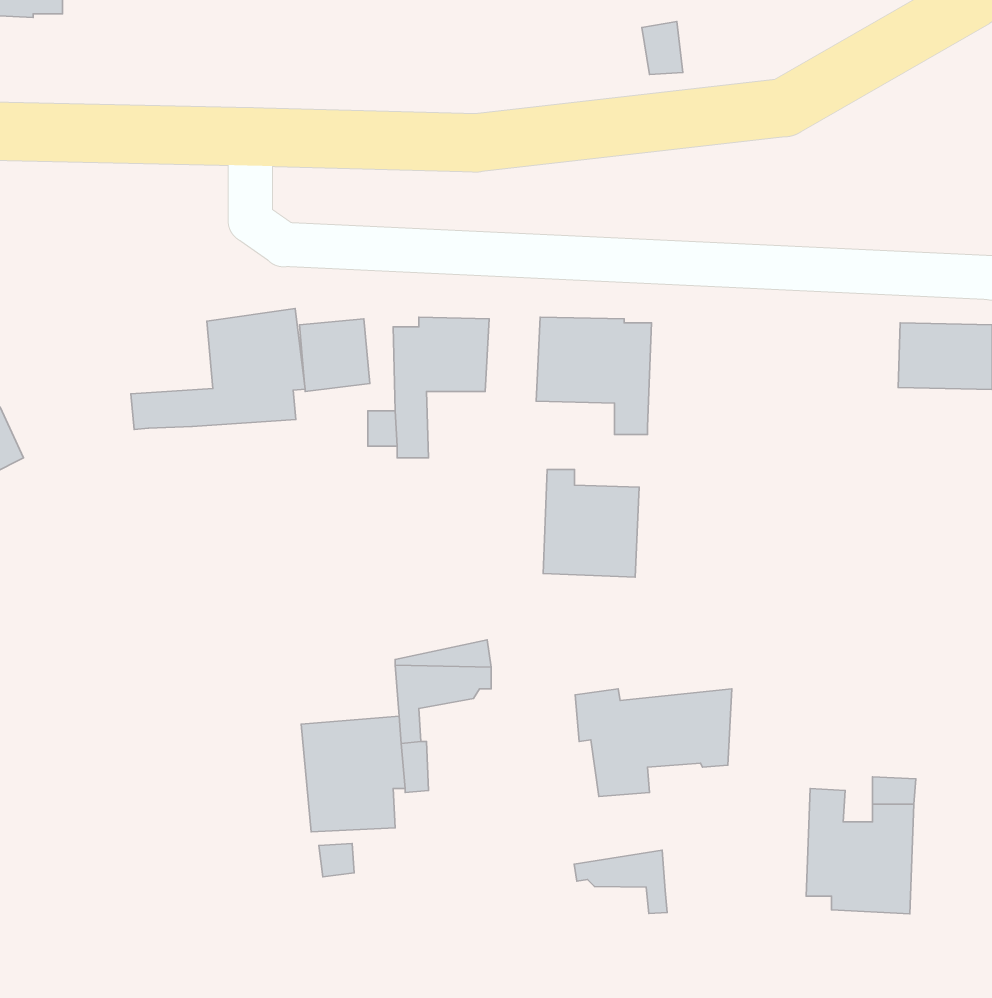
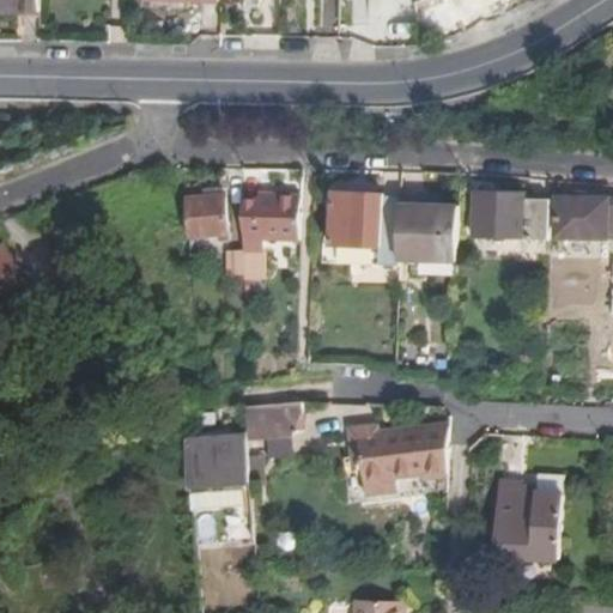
building: [131,309,305,430] -> none
building: none -> [471,192,545,238]
building: [543,470,639,577] -> [396,198,455,263]
building: [574,850,667,913] -> none

